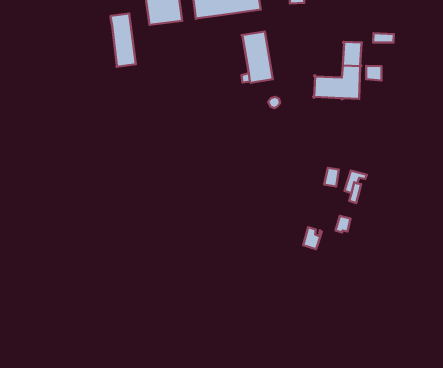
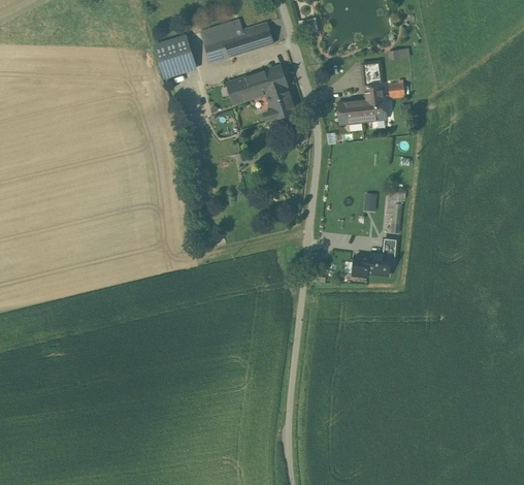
building: [110,13,136,67] -> none
building: none -> [227,73,266,104]
building: none -> [367,253,390,274]

